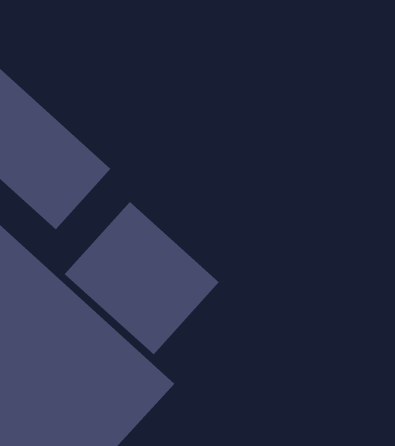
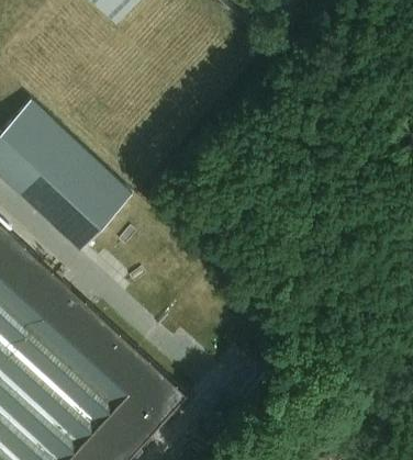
building: [64,201,220,355] -> none

